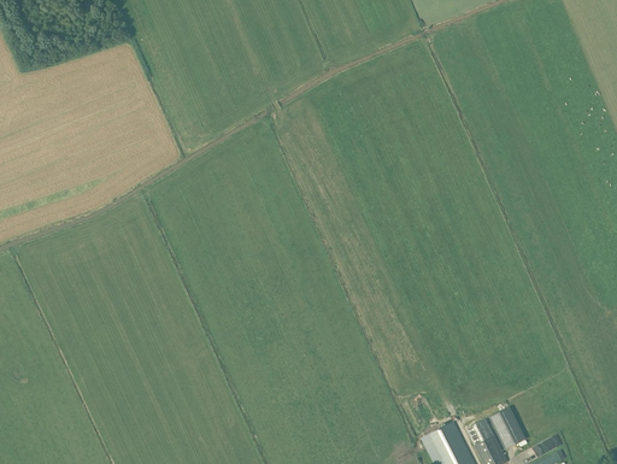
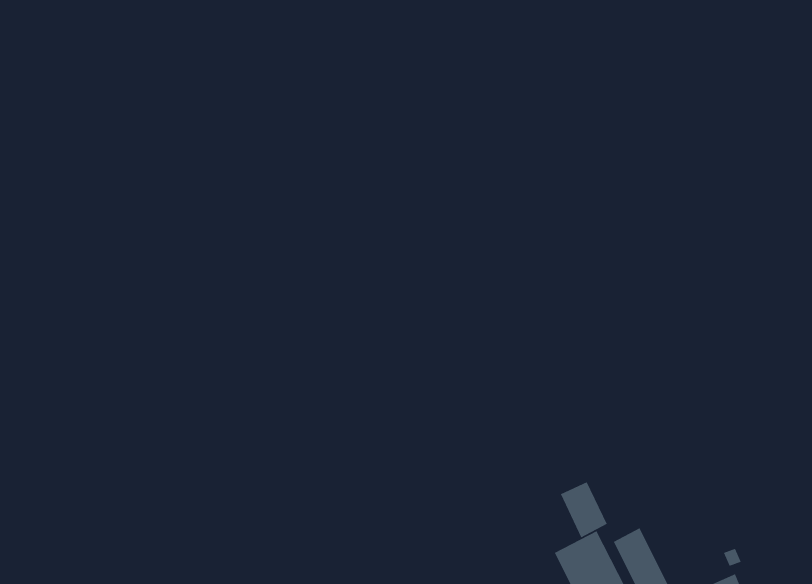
building: [488,407,524,451] -> [560,481,608,539]

